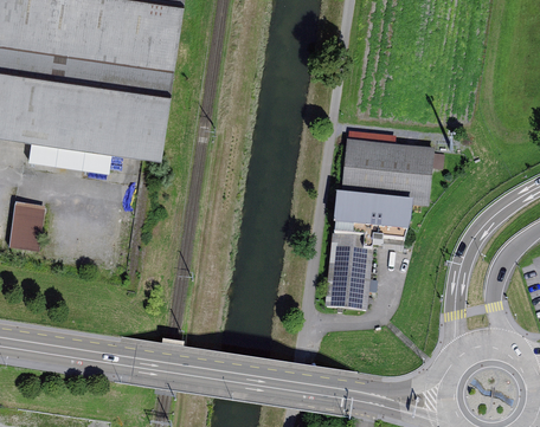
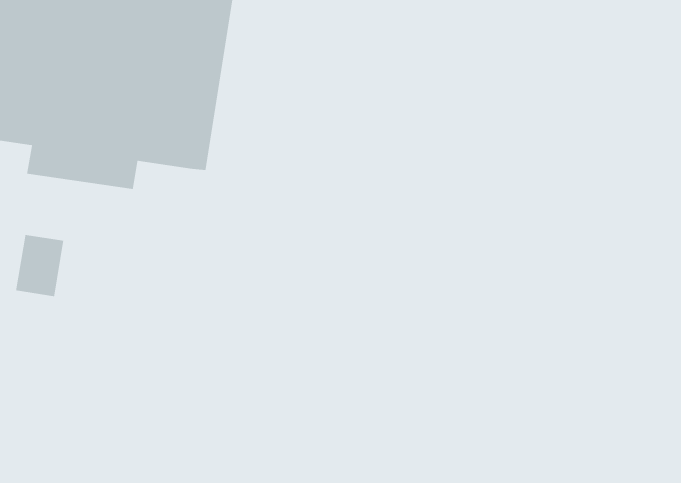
building: [327,142,435,313] -> none

